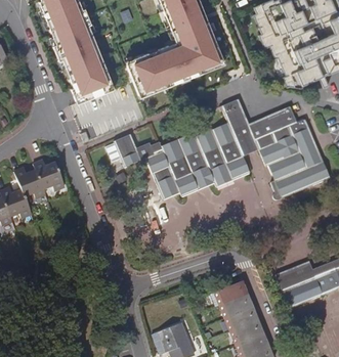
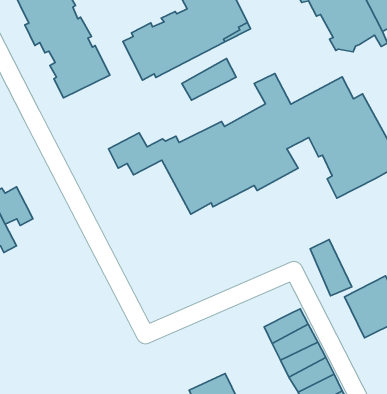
building: none -> [182,58,236,100]
building: [33,160,63,190] -> none
building: none -> [310,240,352,296]

